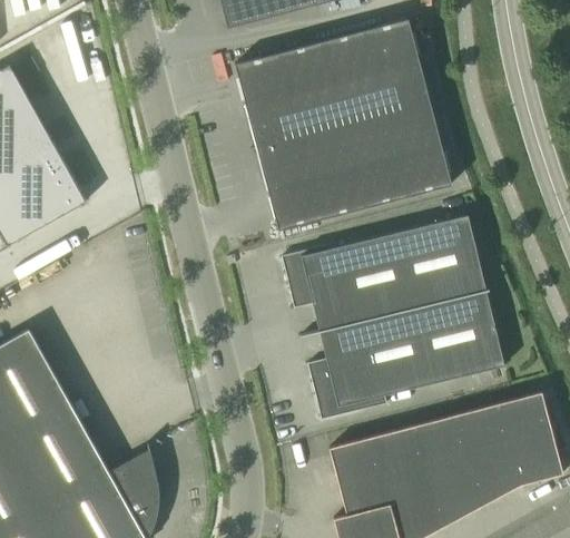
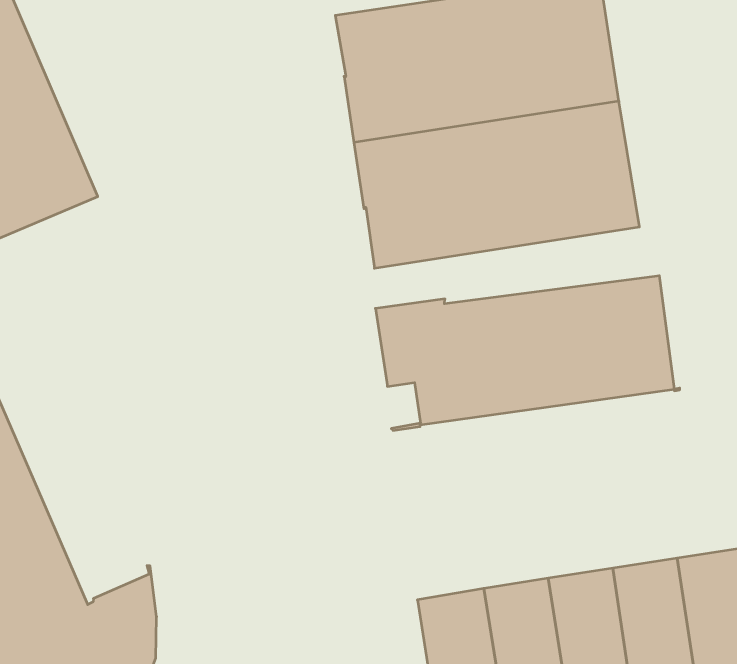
building: [307,291,504,420] -> none

